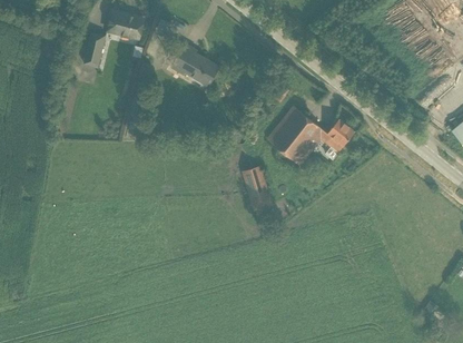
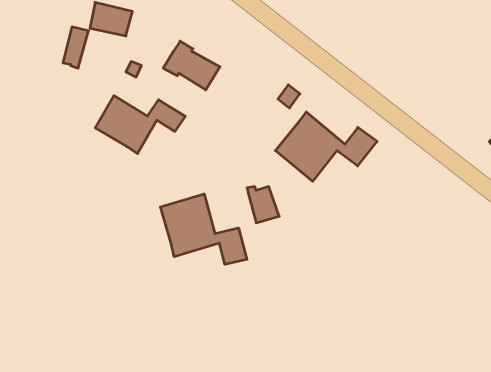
building: none -> [95,96,185,154]
building: none -> [160,194,247,264]

